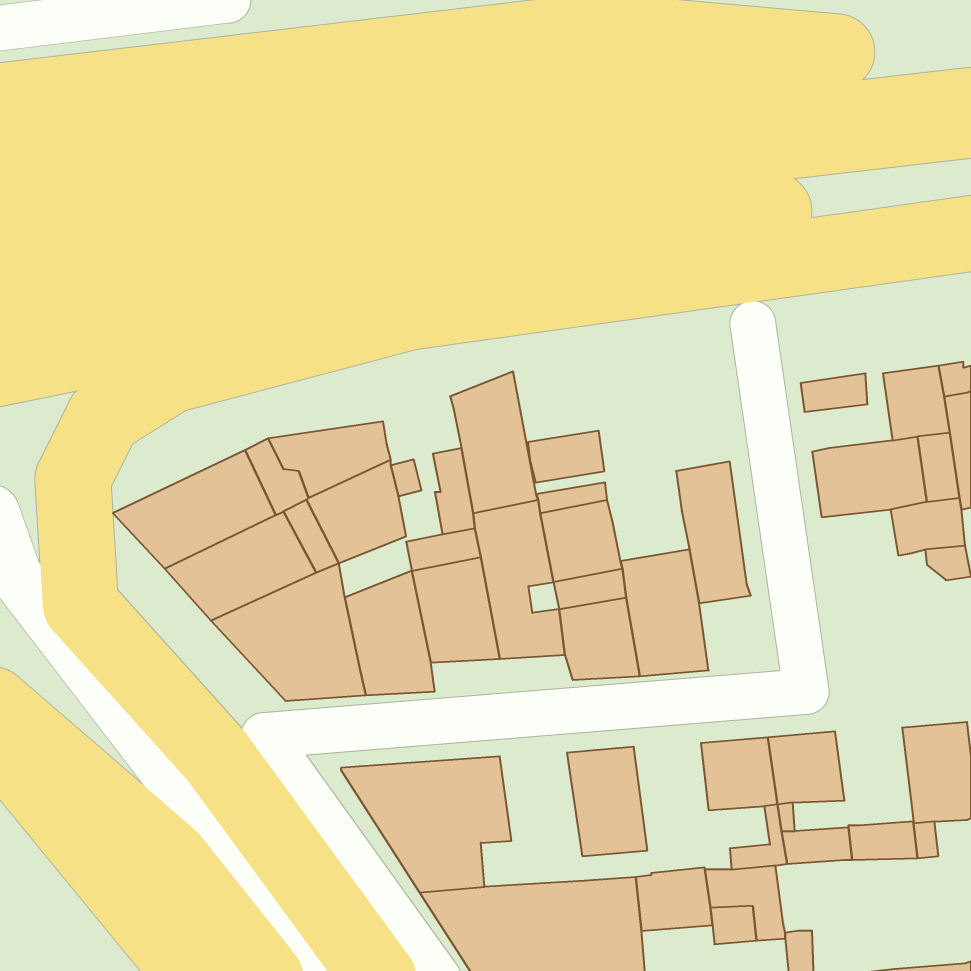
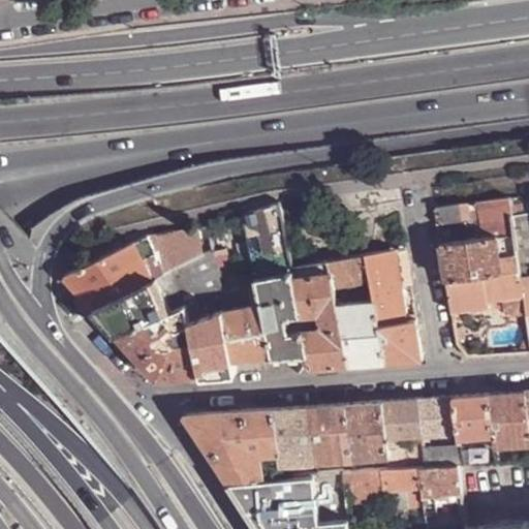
building: [528,431,604,483] -> [326,258,368,286]
building: none -> [443,279,486,315]
building: none -> [377,323,419,366]
building: none -> [450,397,492,441]
building: none -> [342,405,384,463]
building: none -> [270,410,314,469]
building: none -> [418,468,460,502]

